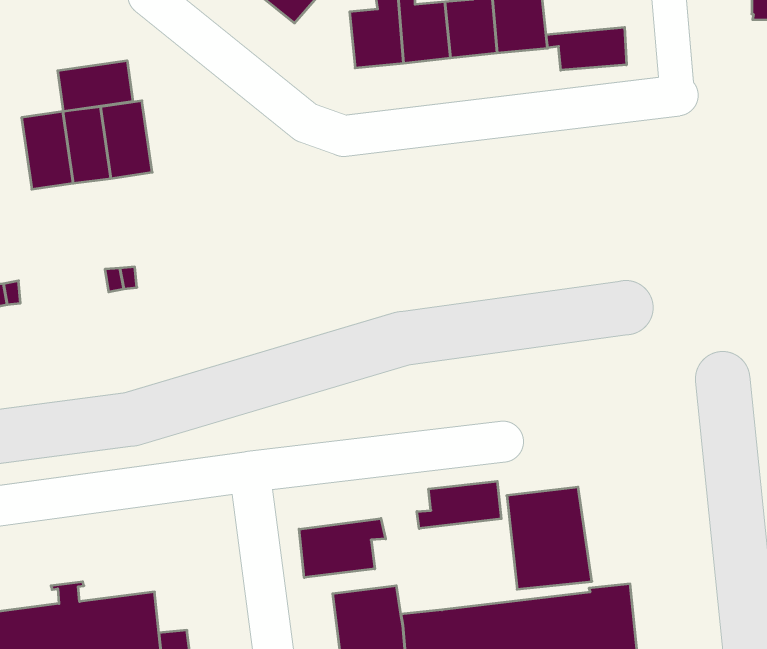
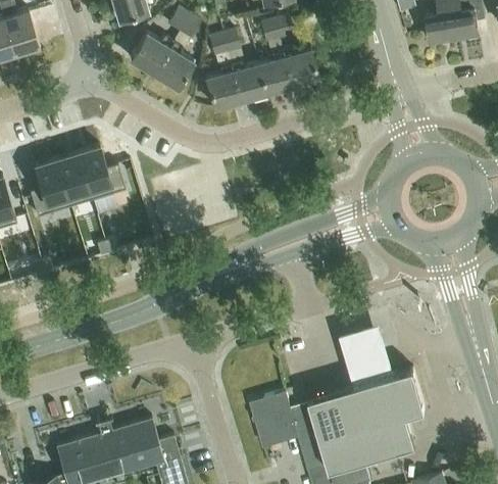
building: [546,27,626,70] -> none
building: [58,61,133,112] -> none
building: [417,481,501,529] -> none
building: [299,518,386,578] -> none

